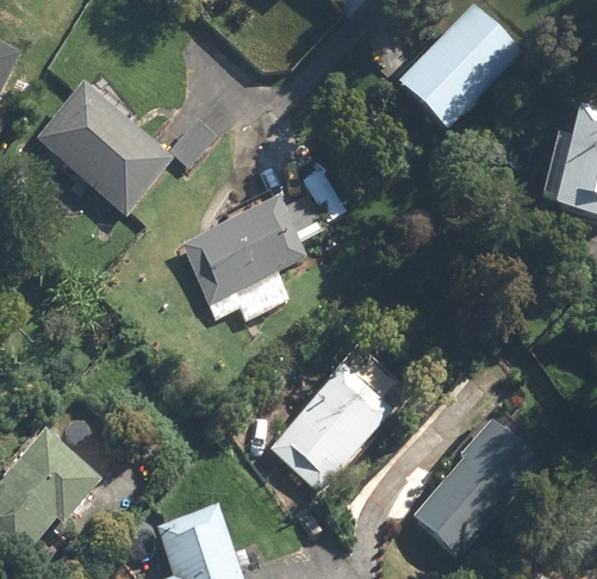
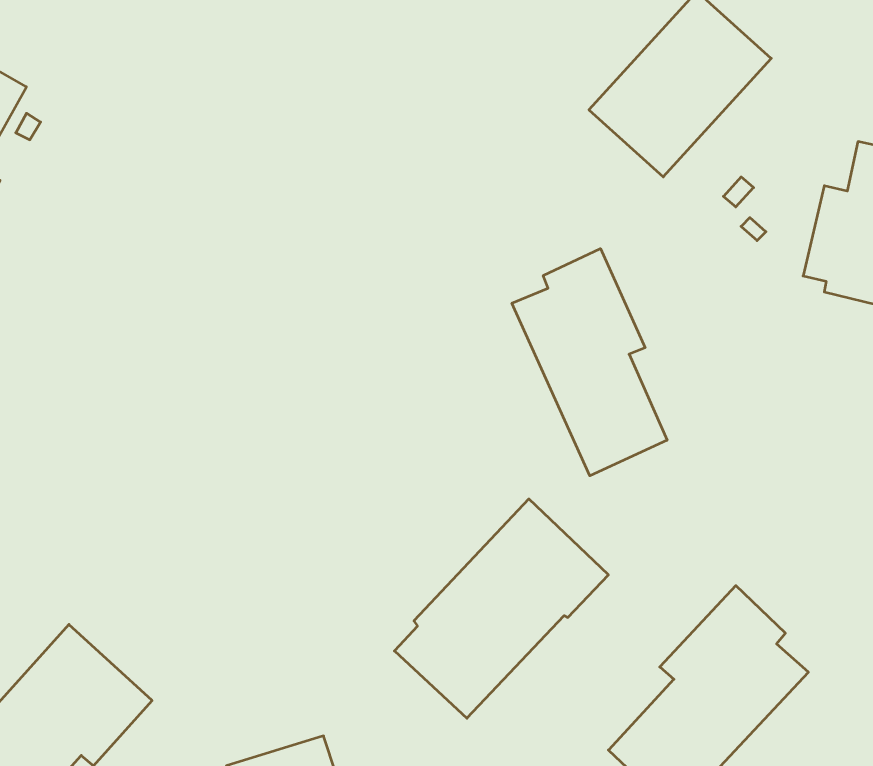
building: [37,82,173,213] -> none
building: none -> [512,249,667,476]
building: [179,194,322,304] -> none

